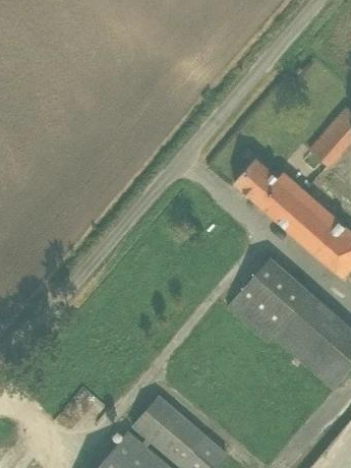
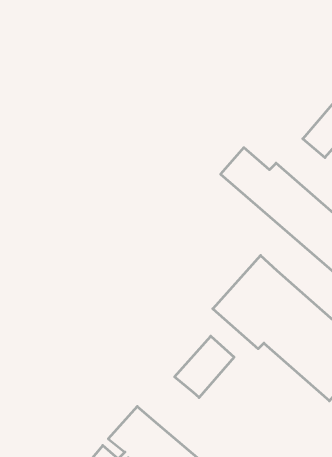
building: none -> [175,336,234,398]

